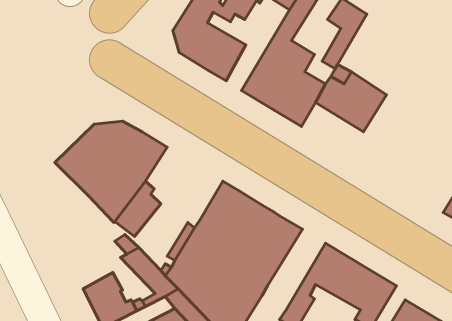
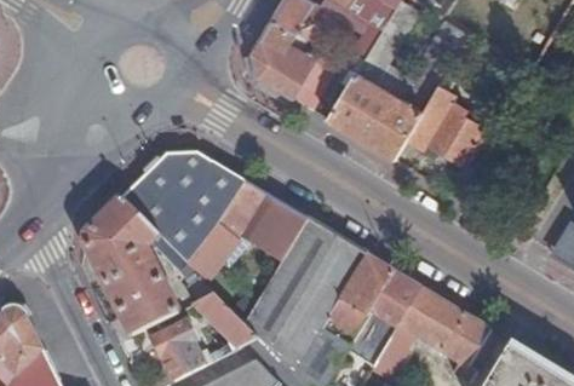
building: none -> [223,182,306,263]
building: none -> [81,198,178,342]
building: none -> [350,272,420,362]

